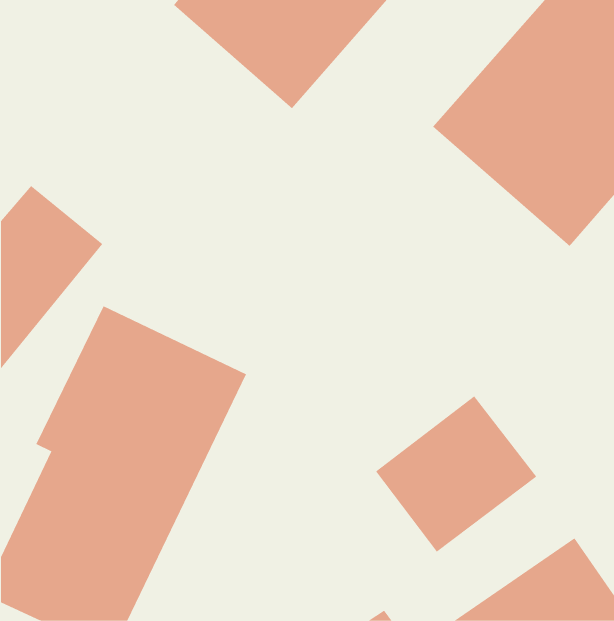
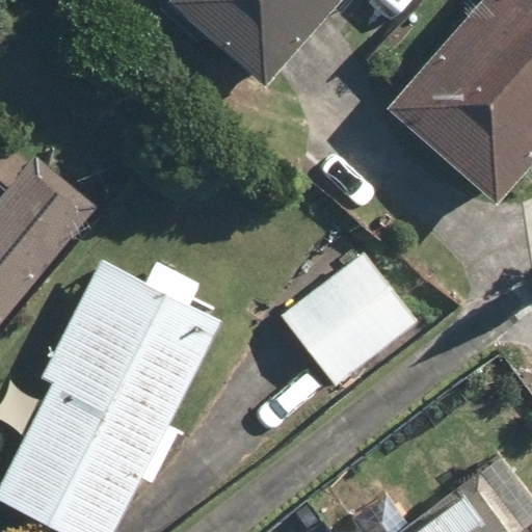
building: [375,395,537,553] -> [283,252,420,385]

